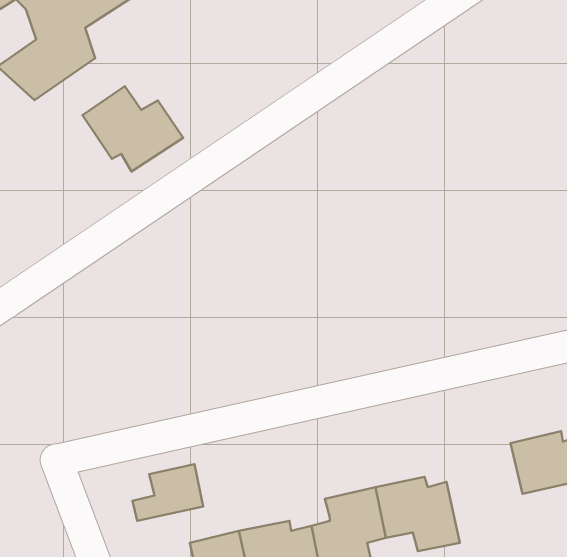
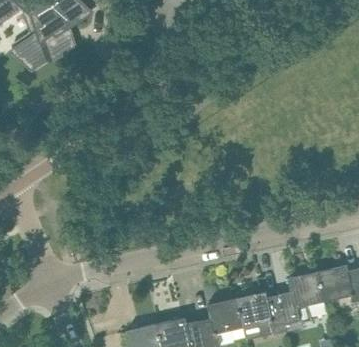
building: [83,86,183,171] -> none
building: none -> [278,271,323,330]
building: [133,464,203,521] -> none

